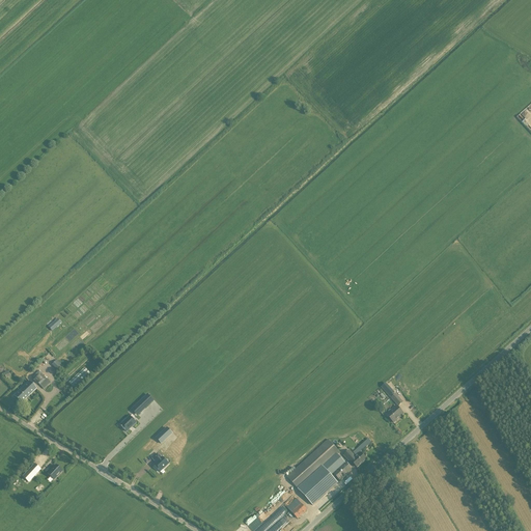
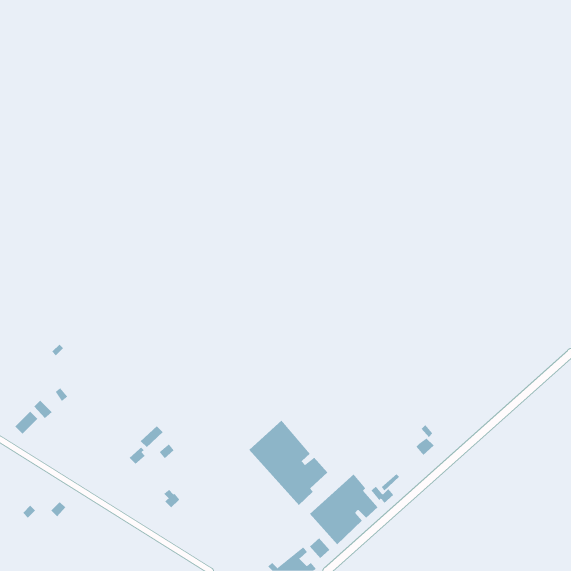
building: none -> [248,420,328,506]

